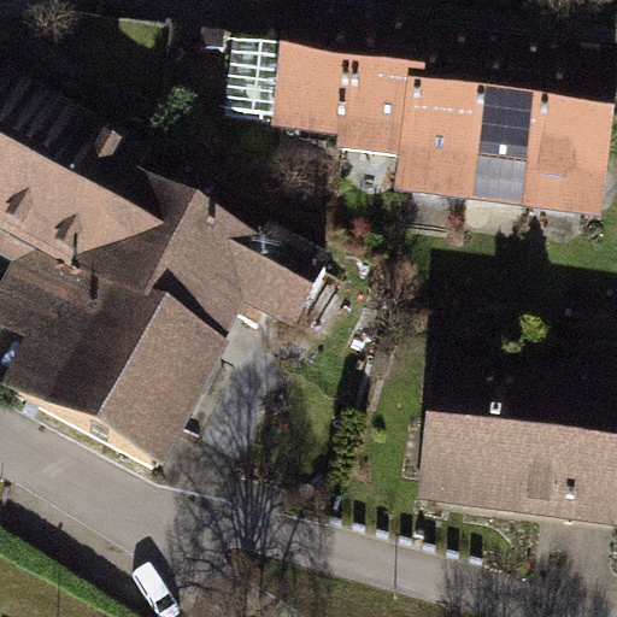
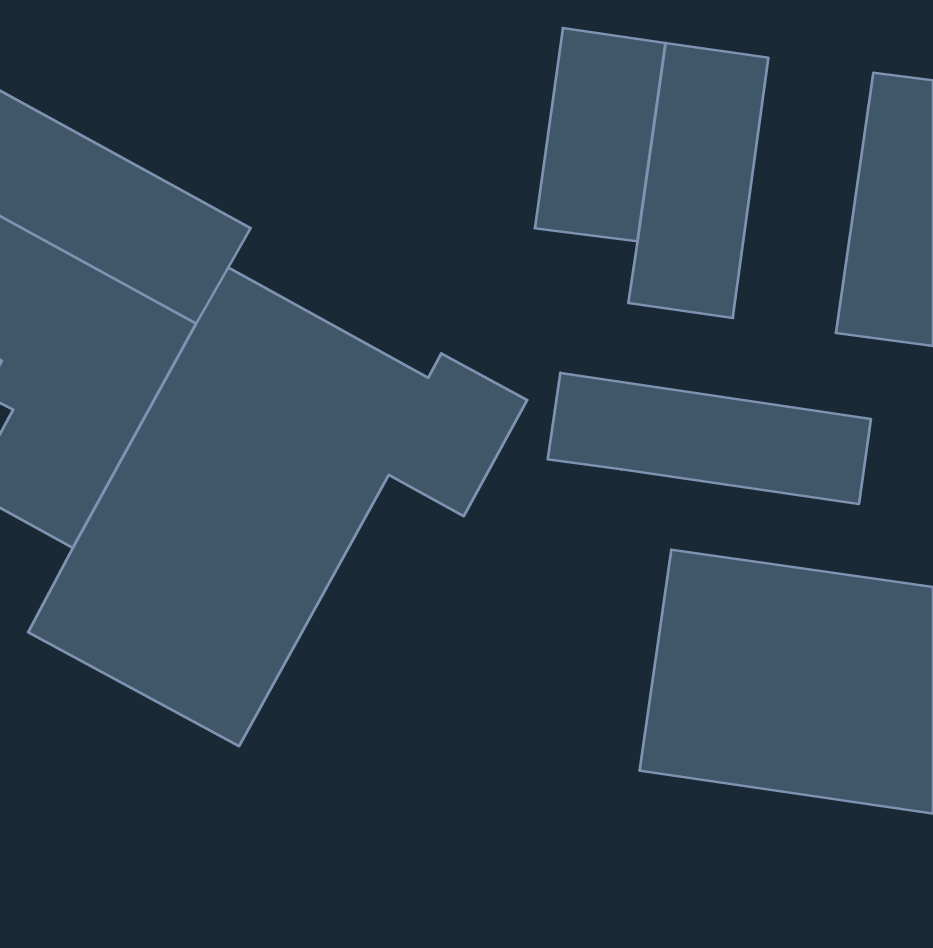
building: [221,10,363,147] -> none
building: [472,37,563,215] -> none
building: none -> [548,373,871,504]

